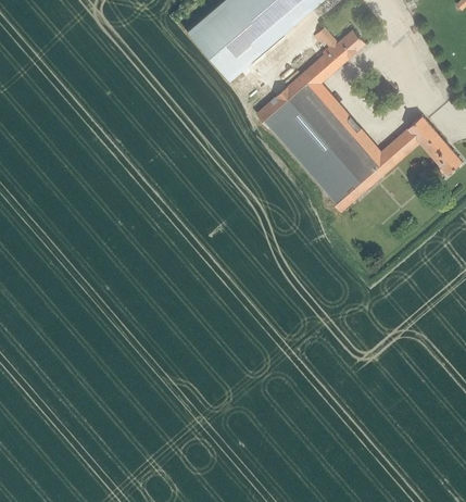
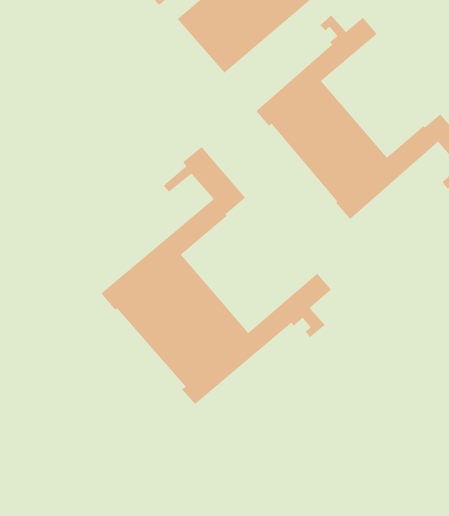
building: none -> [101,146,332,405]

